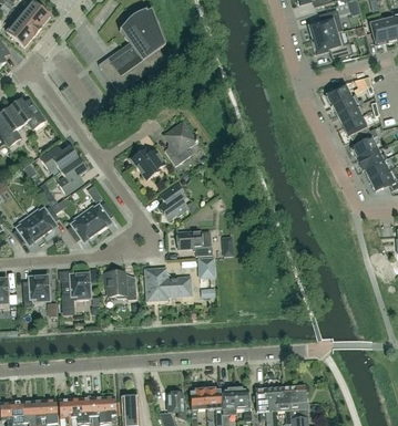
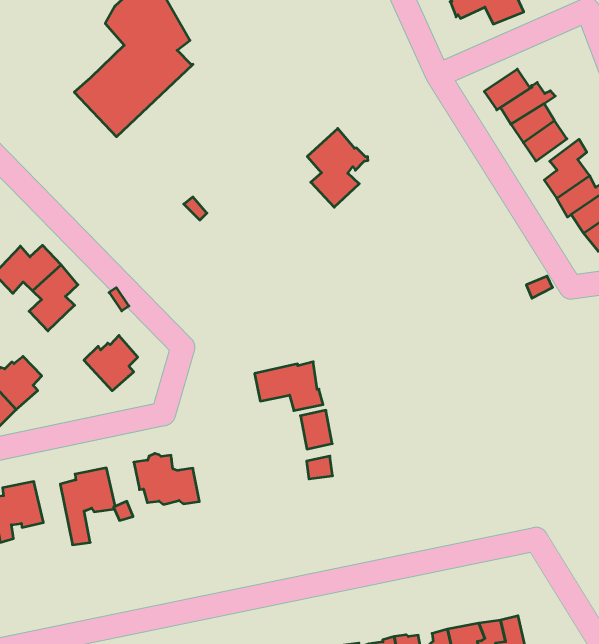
building: [165,122,198,165] -> [307,128,368,207]
building: [129,148,166,179] -> none
building: [160,184,188,220] -> none
building: [68,212,98,241] -> none
building: [145,269,191,299] -> none

